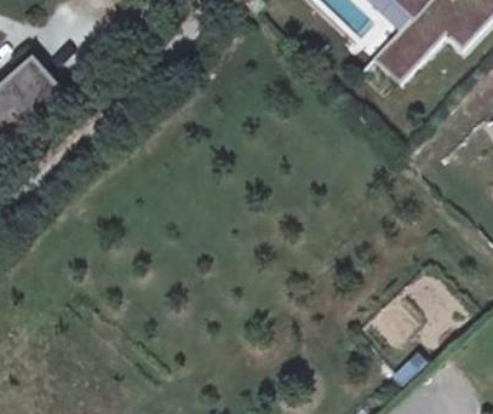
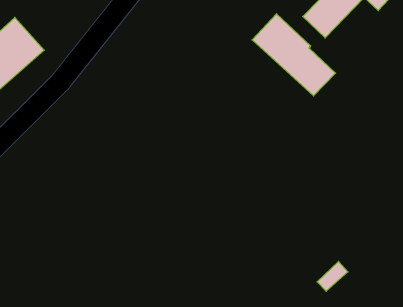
building: none -> [252,14,335,96]

